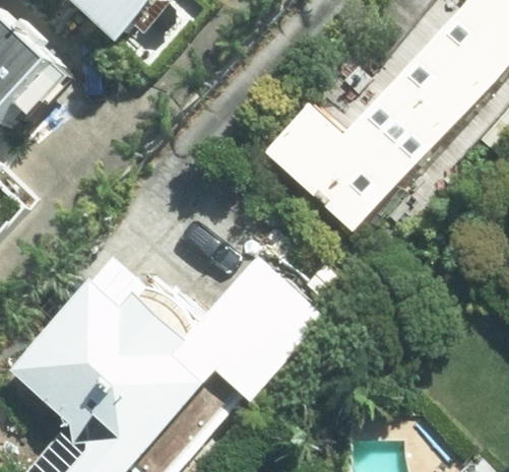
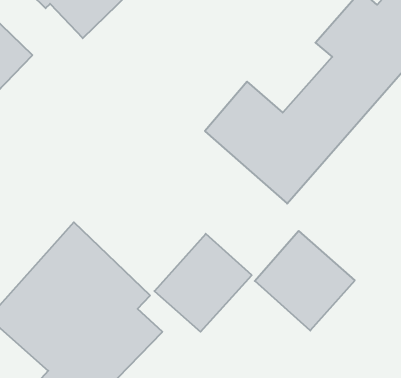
building: none -> [255,231,355,331]

